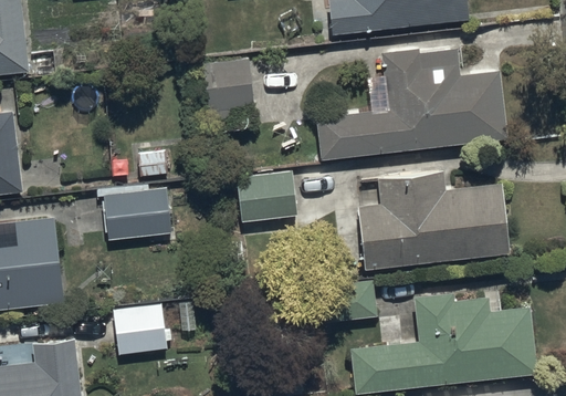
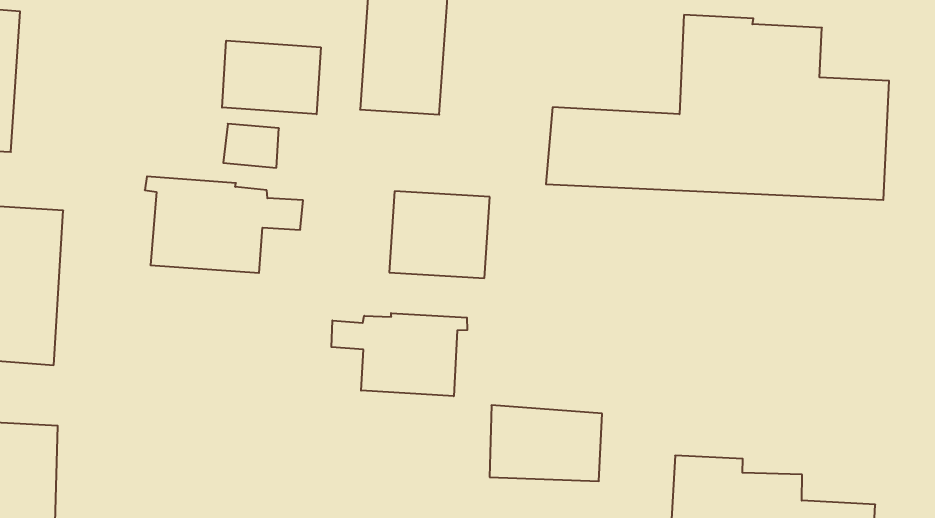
building: none -> [222,41,321,114]
building: [357,170,509,269] -> none
building: none -> [331,313,467,396]
building: [112,305,166,355] -> none

